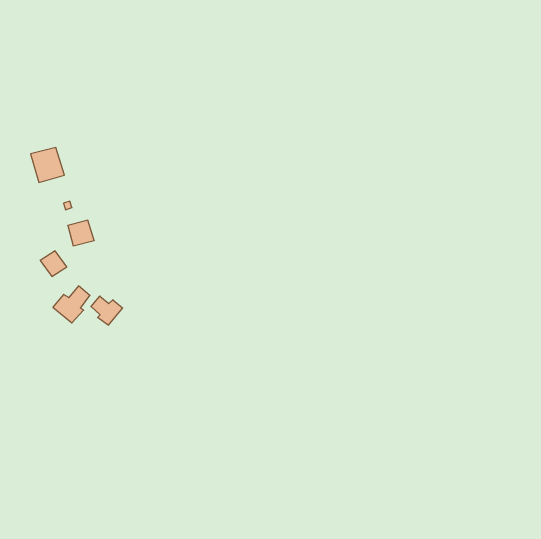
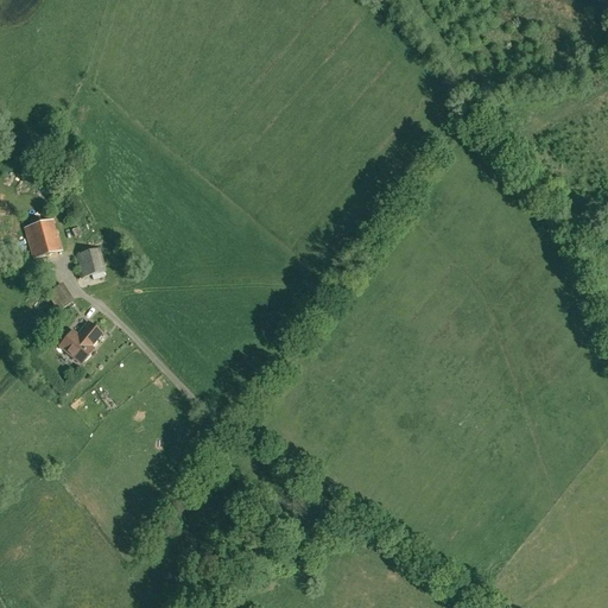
building: [31,148,64,182] -> [24,218,62,258]
building: [91,296,123,325] -> none

